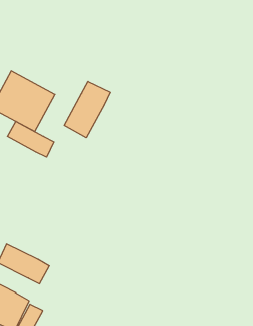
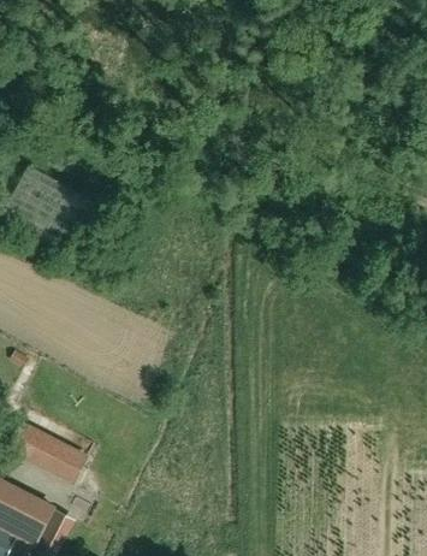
building: [64,81,110,138] -> none
building: [7,121,54,157] -> none

